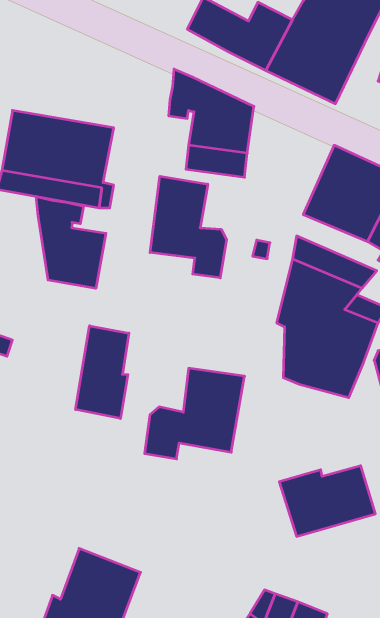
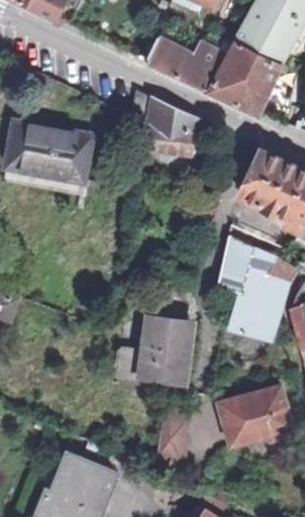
building: [150,176,226,278] -> none
building: [36,196,106,288] -> none
building: [76,326,129,419] -> none
building: none -> [154,409,191,461]

